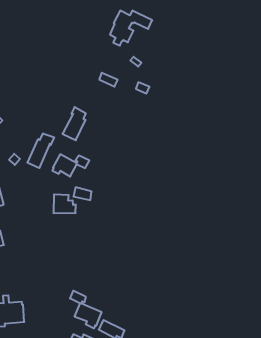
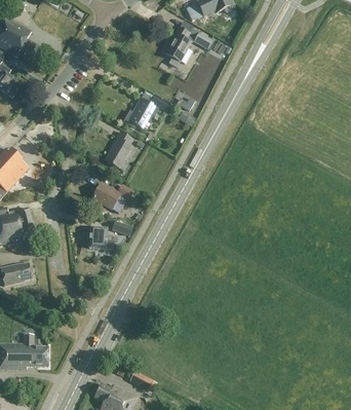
building: none -> [123,98,157,127]
building: [27,133,54,168] -> none
building: [70,291,101,328] -> none

